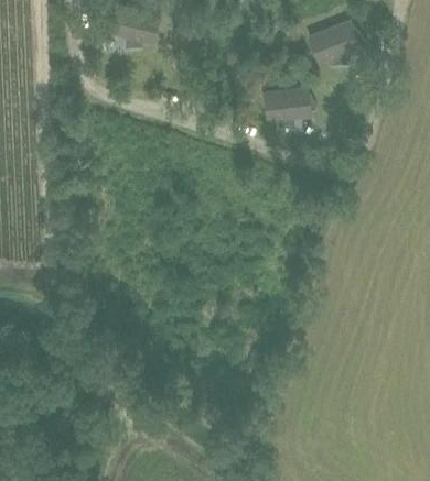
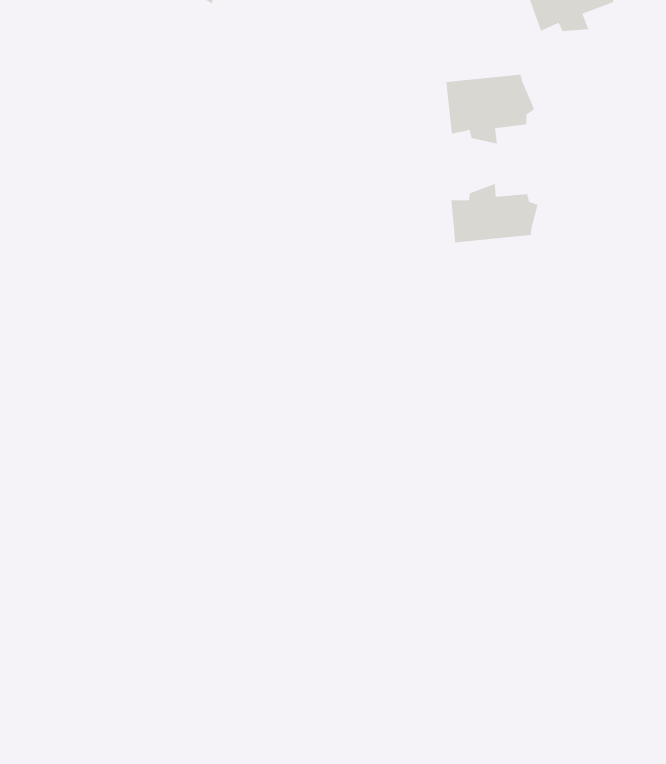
building: none -> [451,183,538,243]

